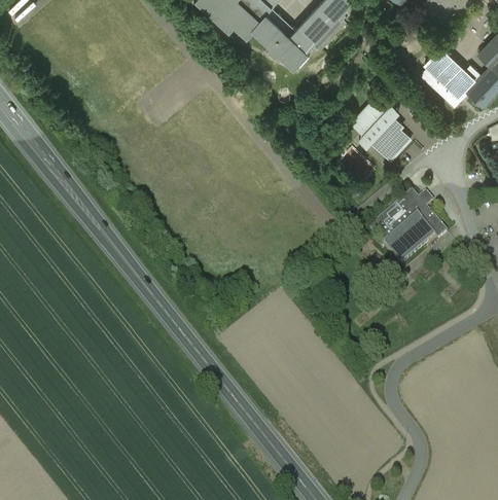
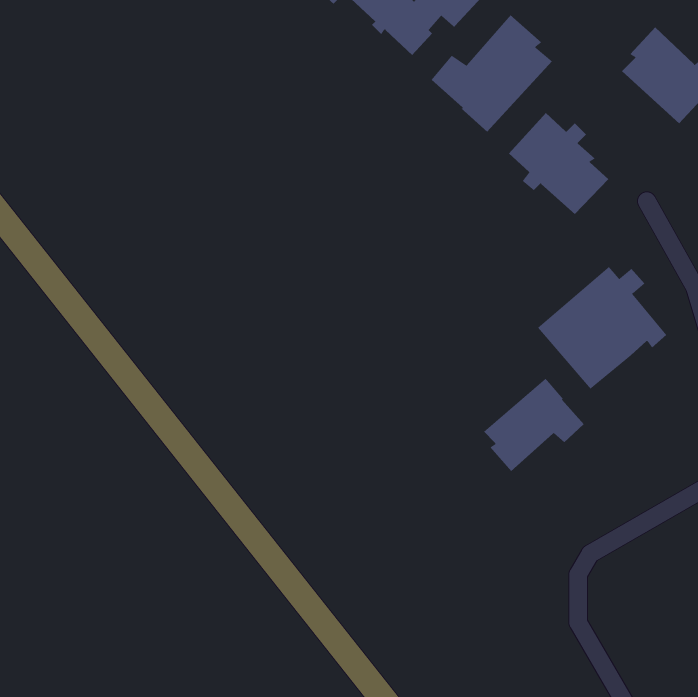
building: none -> [431,14,553,133]
building: none -> [483,378,584,472]

